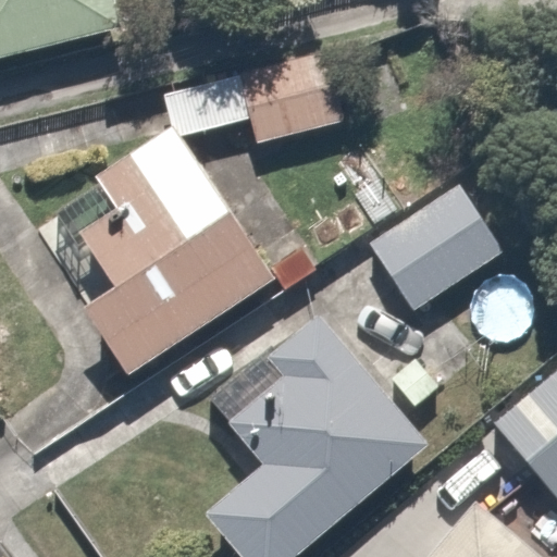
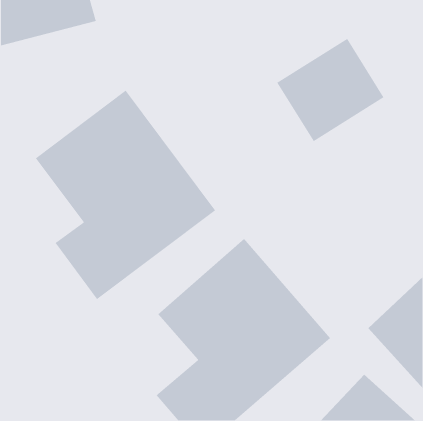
building: [175,47,330,140] -> none
building: [362,174,505,311] -> [276,38,385,142]

